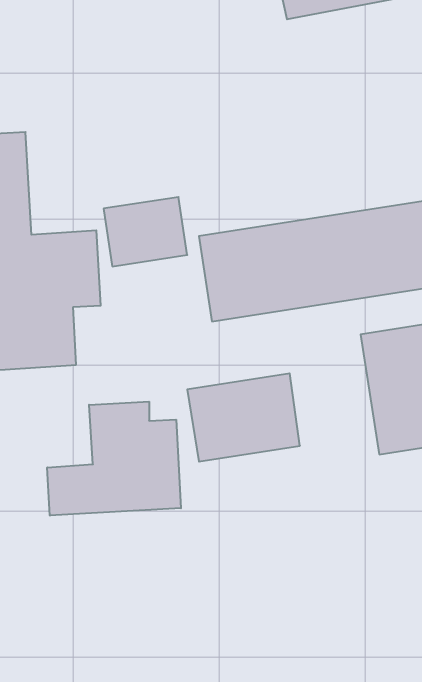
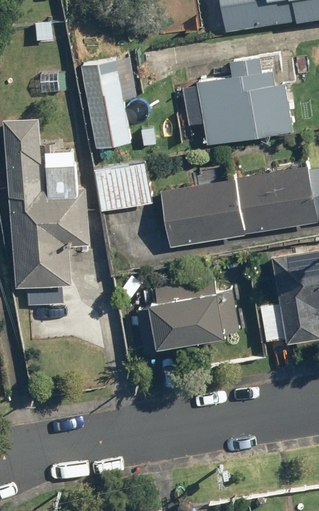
building: none -> [194,58,290,143]
building: none -> [81,59,126,147]
building: [47,402,181,516] -> none

